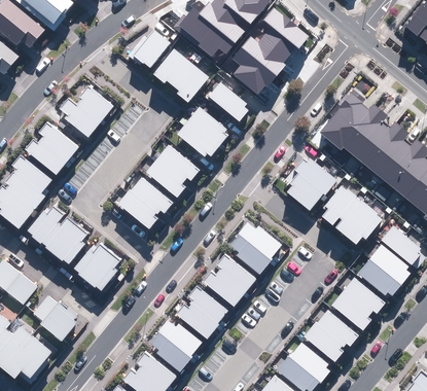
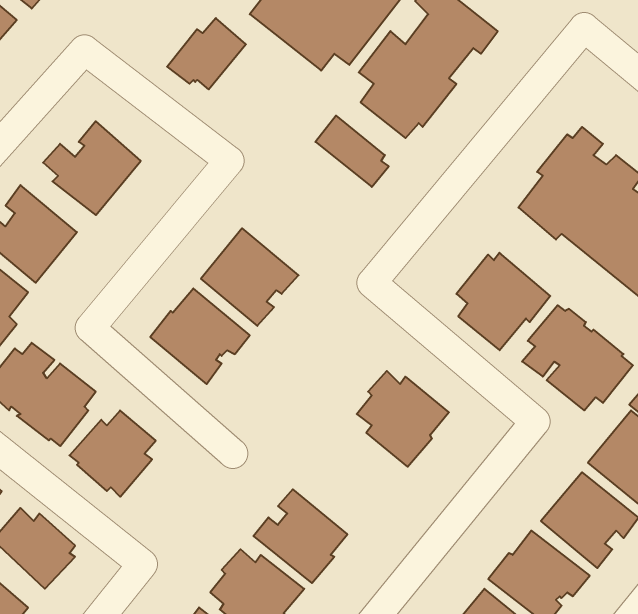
building: [153,48,210,103] -> none
building: [177,107,228,157] -> none
building: [203,254,256,307] -> none

